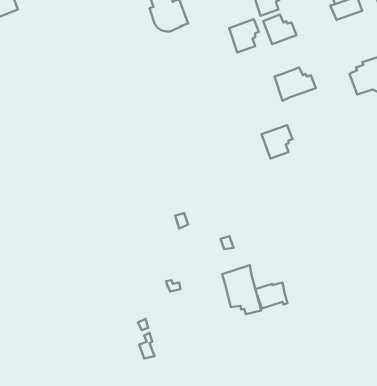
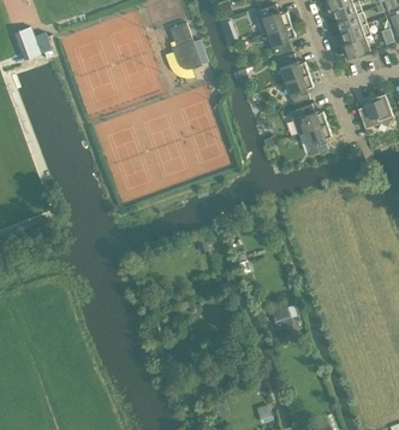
building: [229,19,259,53] -> [286,73,314,105]
building: [261,125,292,159] -> [303,123,332,154]
building: [222,265,261,314] -> none

